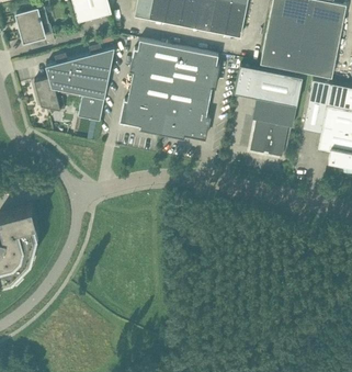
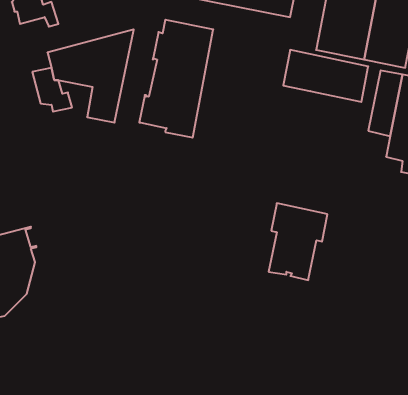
building: [162,47,219,139] -> none
building: [250,97,297,158] -> [269,203,327,280]

